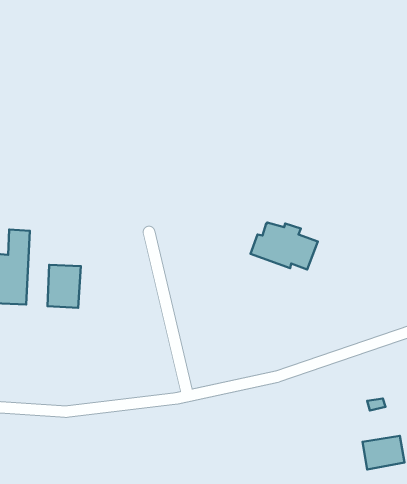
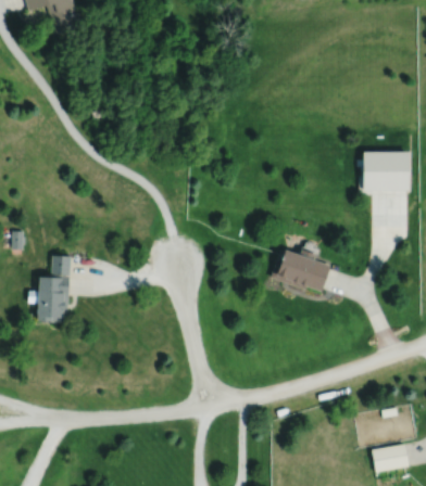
building: none -> [374,157,401,192]
building: [48,265,81,308] -> none

